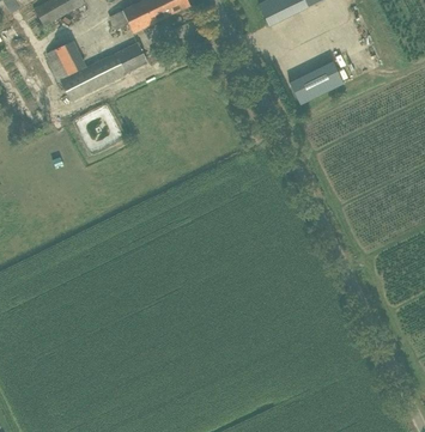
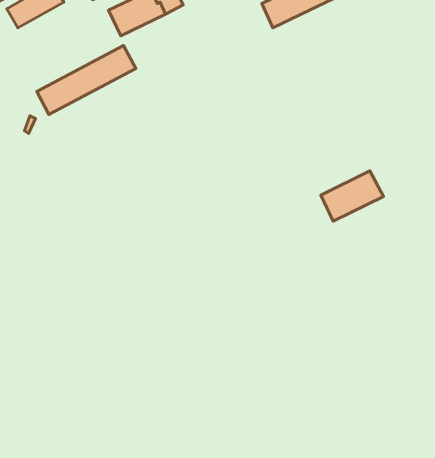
building: [47,41,85,79] -> none
building: [289,61,344,105] -> [321,171,383,221]

